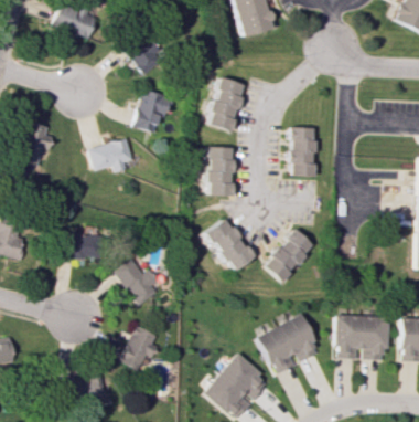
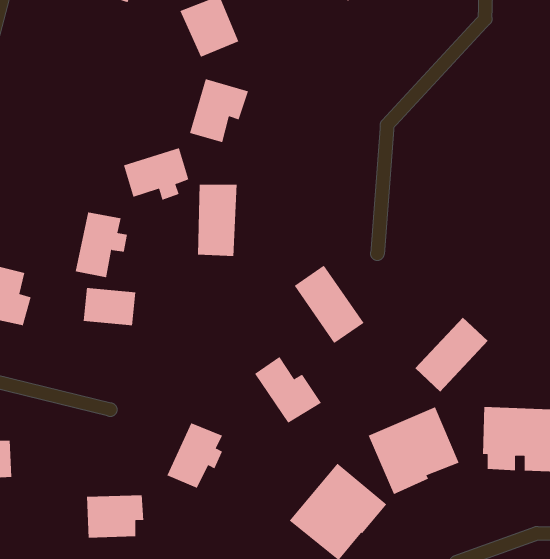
building: [207,77,246,131] -> none
building: [19,122,55,167] -> [75,212,128,278]
building: [291,127,321,176] -> none
building: [207,147,235,197] -> [197,184,237,256]
building: [264,230,314,282] -> [414,317,488,392]
building: [116,259,162,305] -> [254,356,322,424]

